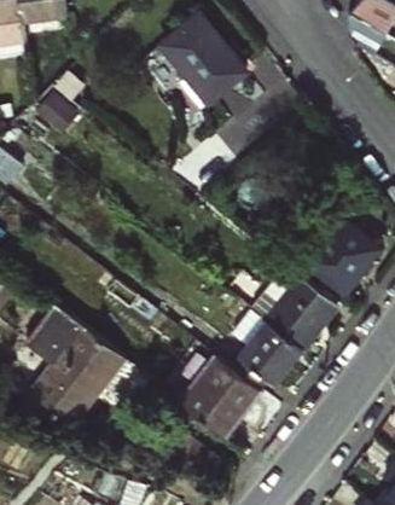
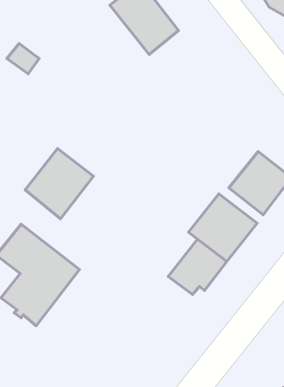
building: none -> [25,149,94,219]
building: [181,359,260,439] -> none

